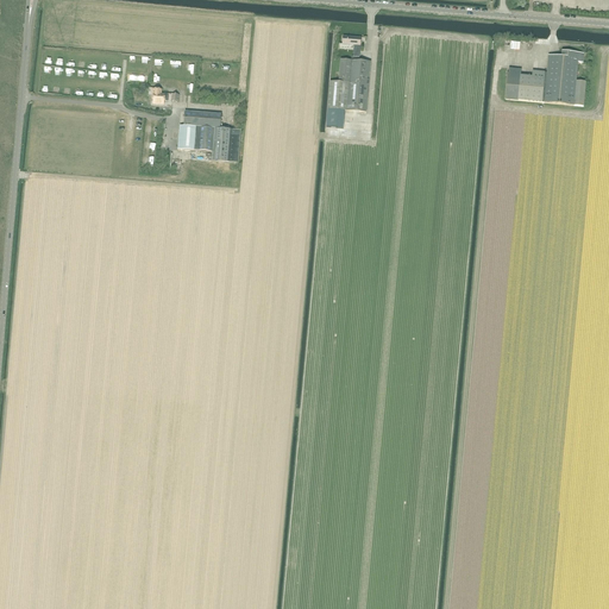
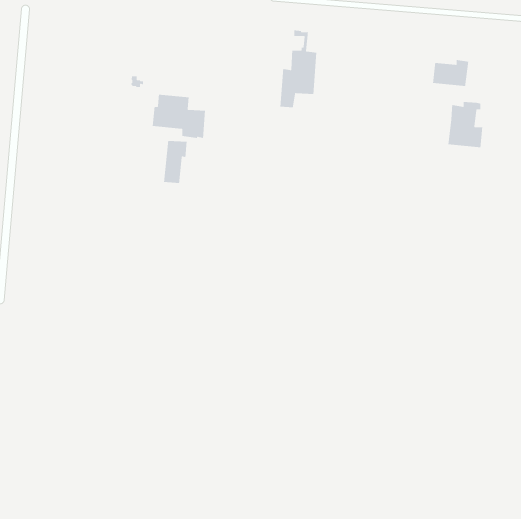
building: [544,50,585,105] -> [448,101,483,148]
building: none -> [163,140,187,184]

